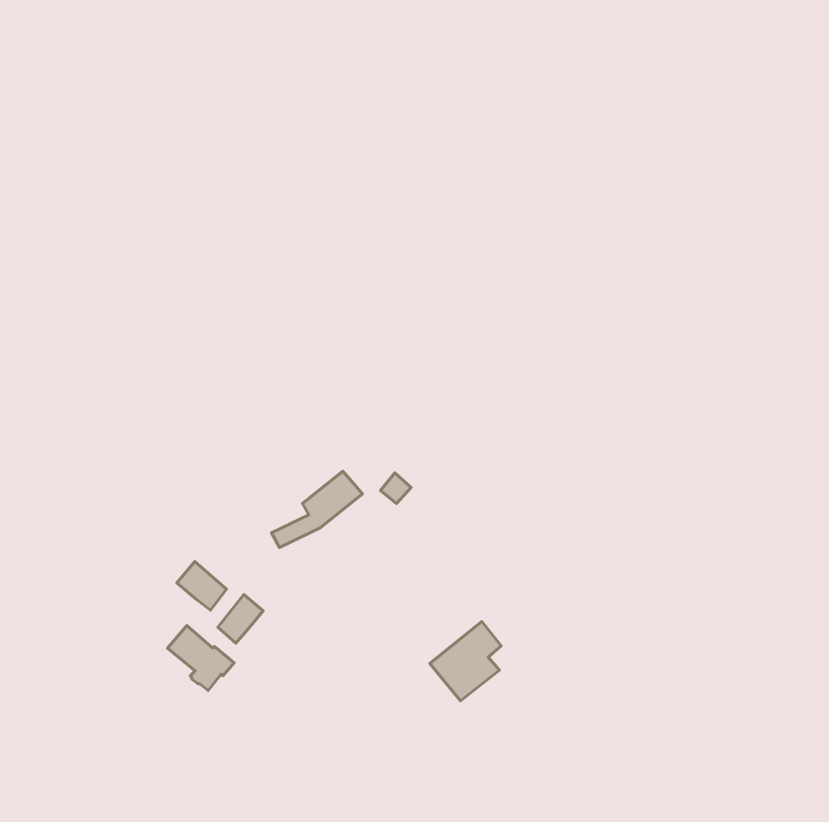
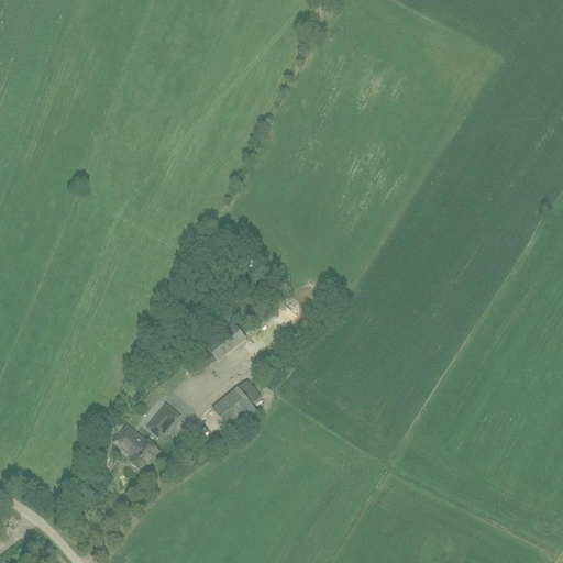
building: [177,561,227,610] -> none
building: [430,621,501,701] -> [211,377,260,431]

